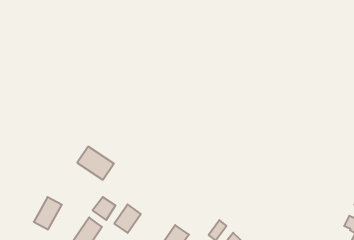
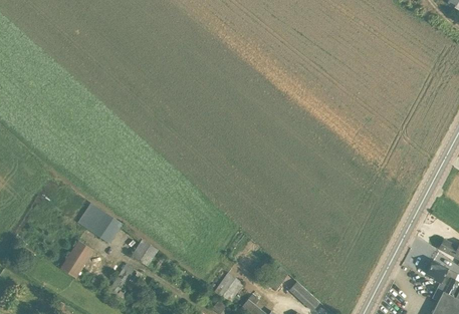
building: [77,147,114,180] -> [78,203,122,242]
building: [114,204,141,233] -> none

